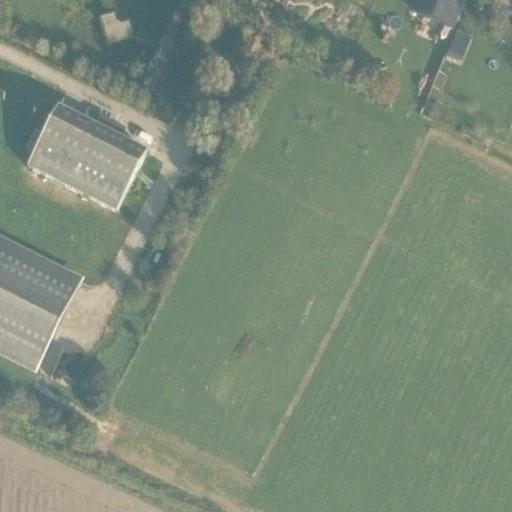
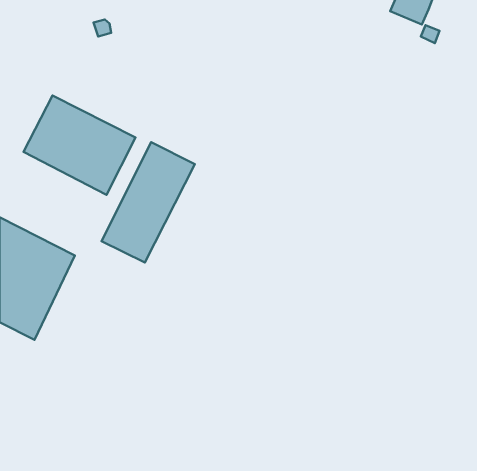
building: none -> [101,142,195,262]

